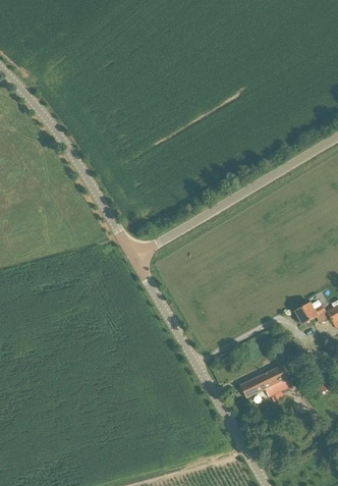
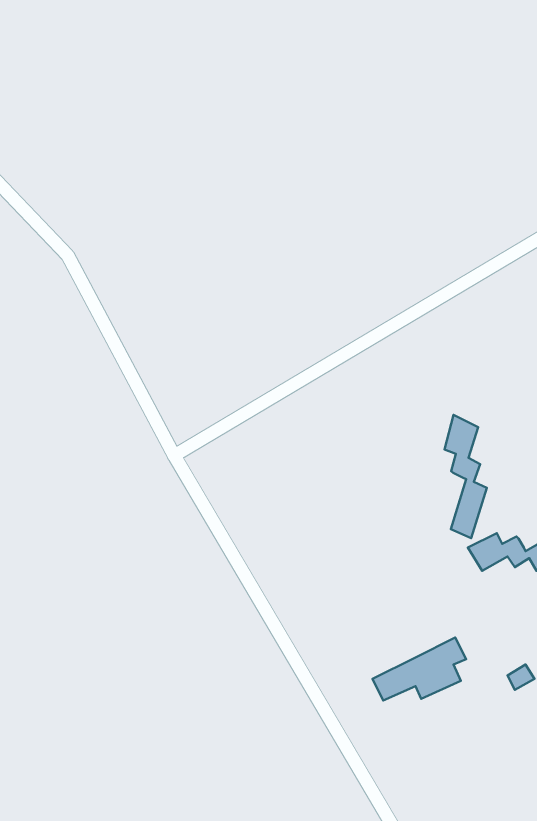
building: none -> [445,415,487,538]

